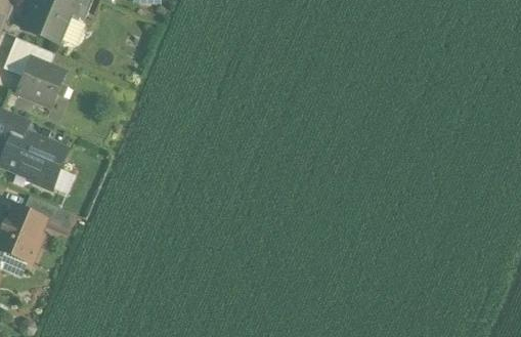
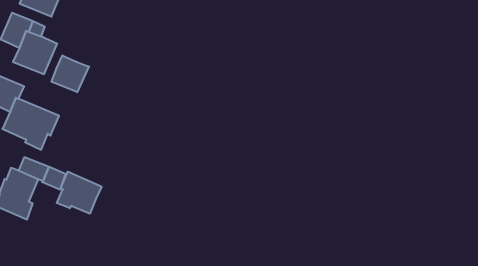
building: none -> [51,55,89,92]
building: none -> [57,172,102,214]

